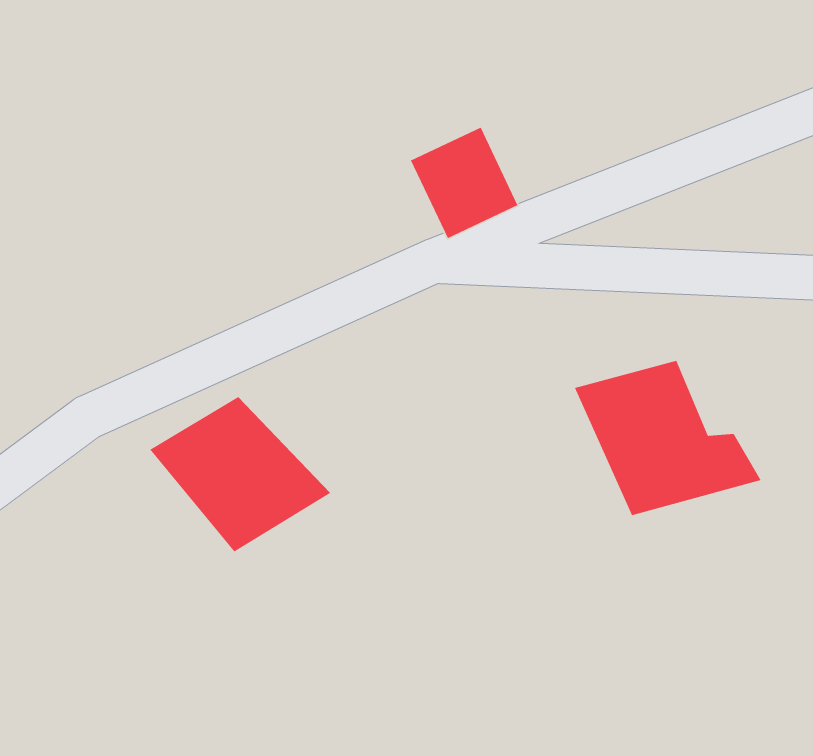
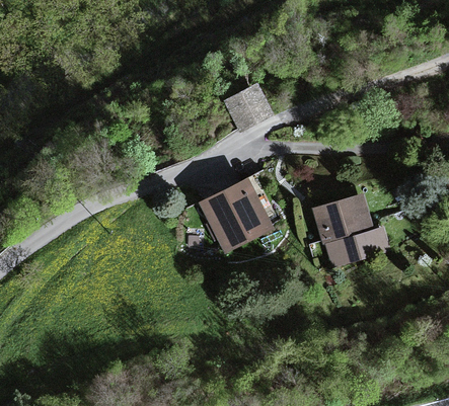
building: [149,396,331,553] -> [192,178,285,258]

